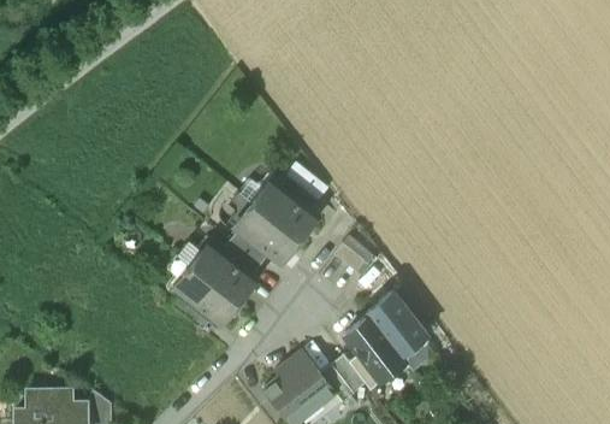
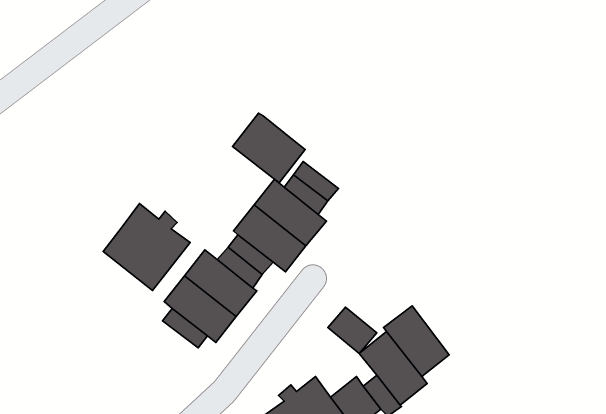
building: none -> [233,113,305,183]
building: none -> [103,204,190,291]
building: [338,231,381,272] -> [328,307,377,353]

